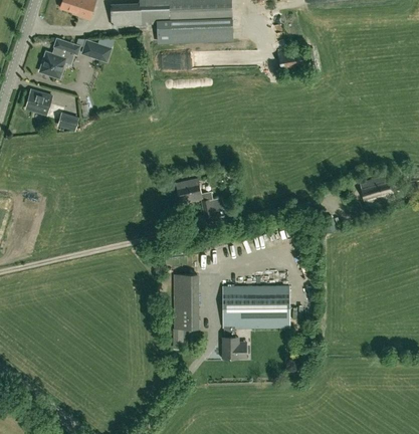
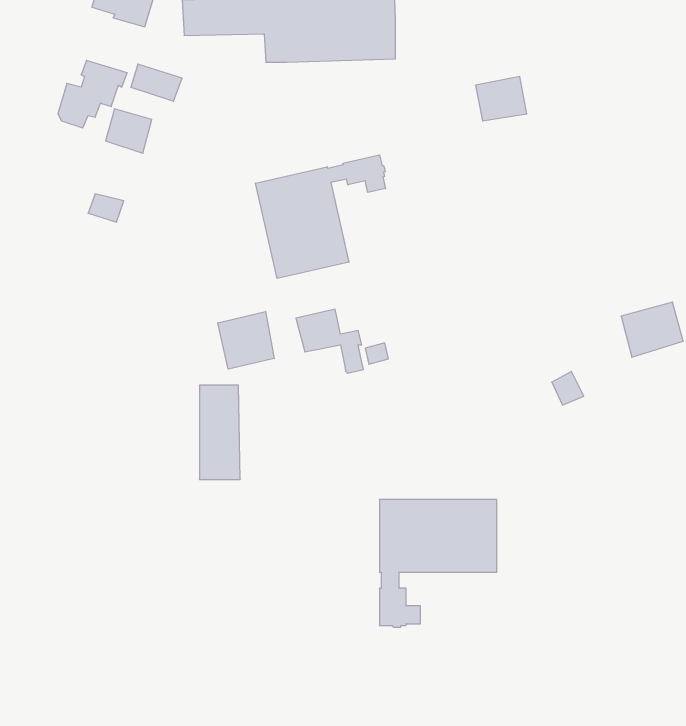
building: [25,89,51,115] -> [106,109,152,153]
building: none -> [256,155,385,278]
building: none -> [218,311,274,369]
building: [174,274,197,328] -> [199,385,240,479]

